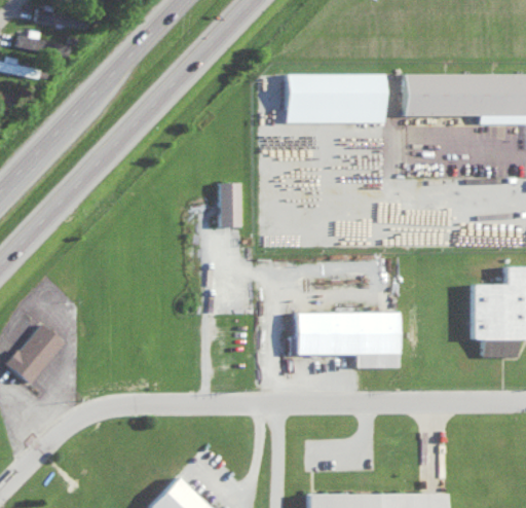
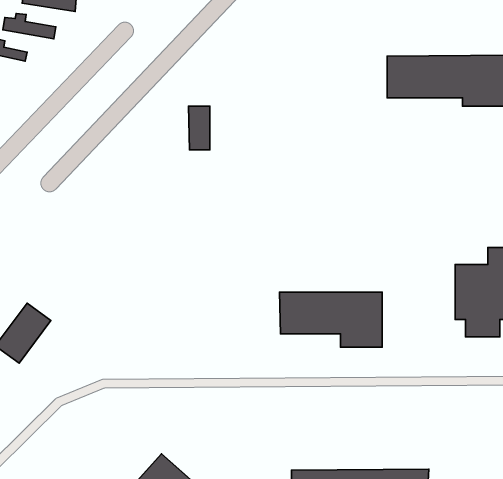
building: [286,74,384,123] -> none
building: [219,183,240,227] -> [188,106,210,150]

